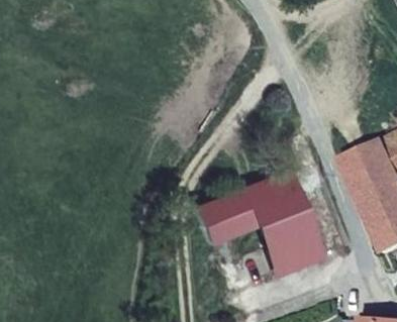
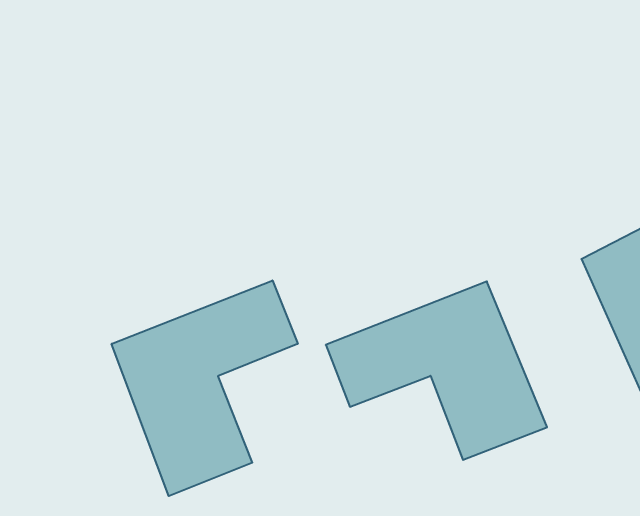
building: none -> [112,280,298,496]

